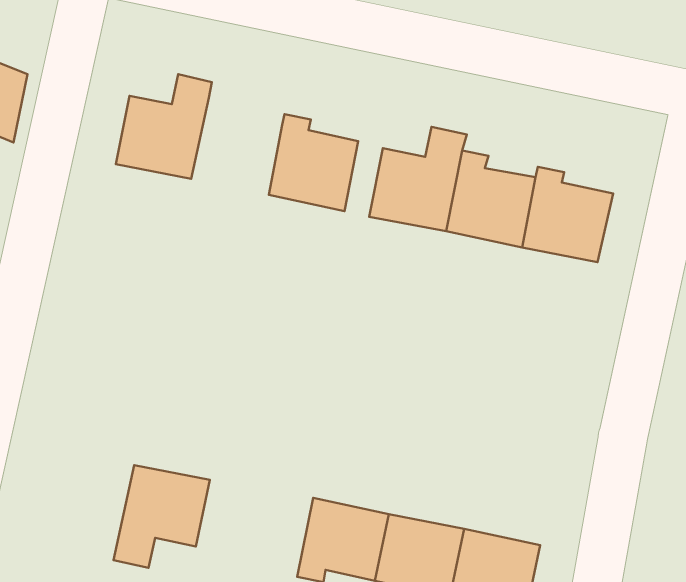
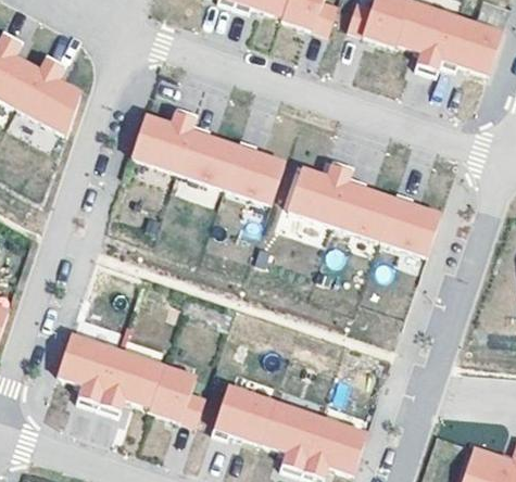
building: none -> [176,123,238,189]
building: none -> [56,333,117,408]
building: none -> [149,365,205,426]

